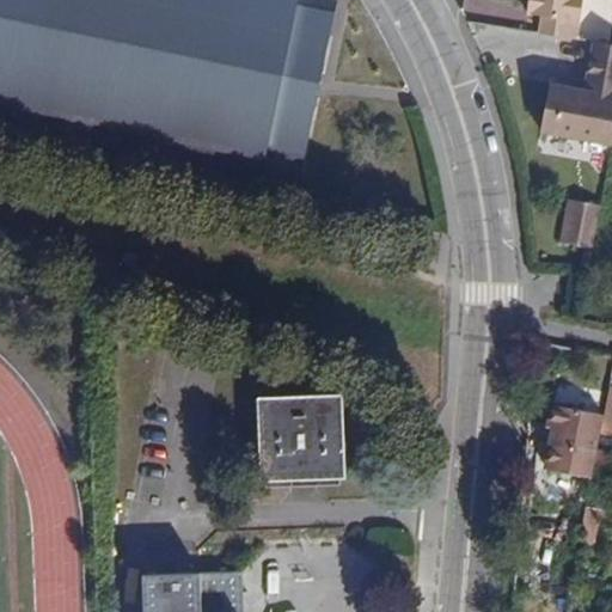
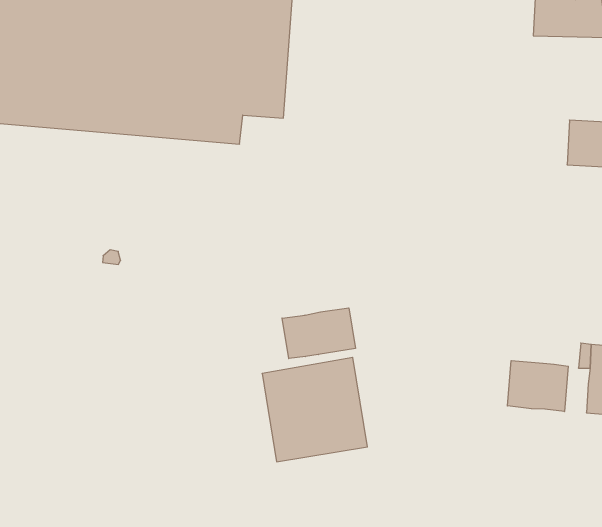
building: none -> [282,308,355,359]
building: none -> [507,361,568,412]

